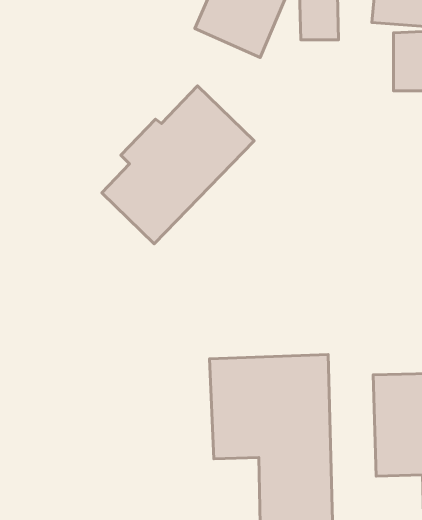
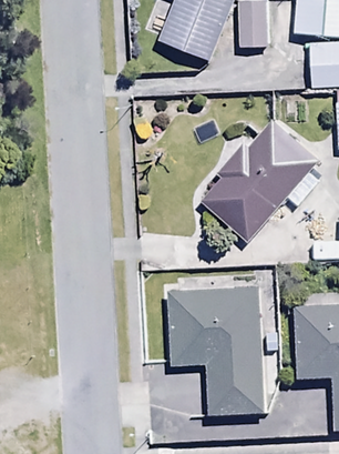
building: [102,86,254,244] -> [203,118,319,239]

